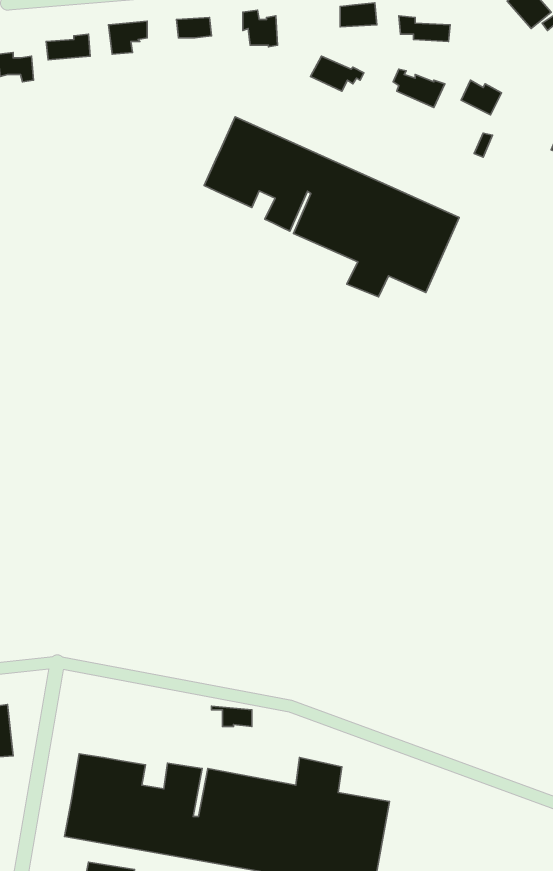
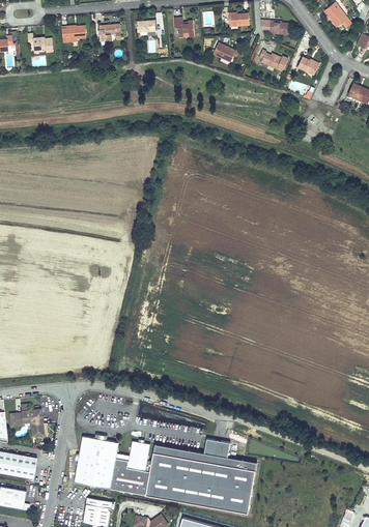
building: [204,117,459,297] -> none

